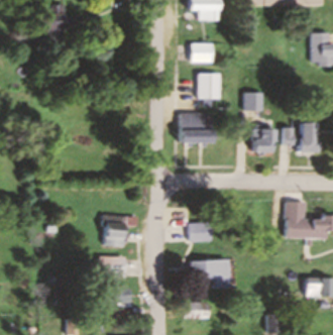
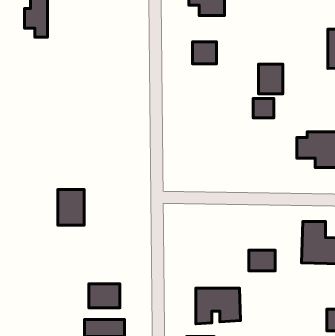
building: [199,73,220,99] -> [259,64,283,94]
building: [182,113,215,143] -> none
building: [254,129,276,152] -> none
building: [106,215,129,246] -> [58,190,84,225]
building: [193,222,216,240] -> [249,250,275,271]

